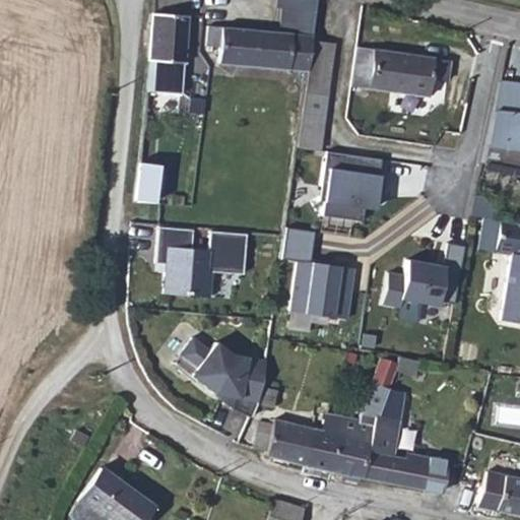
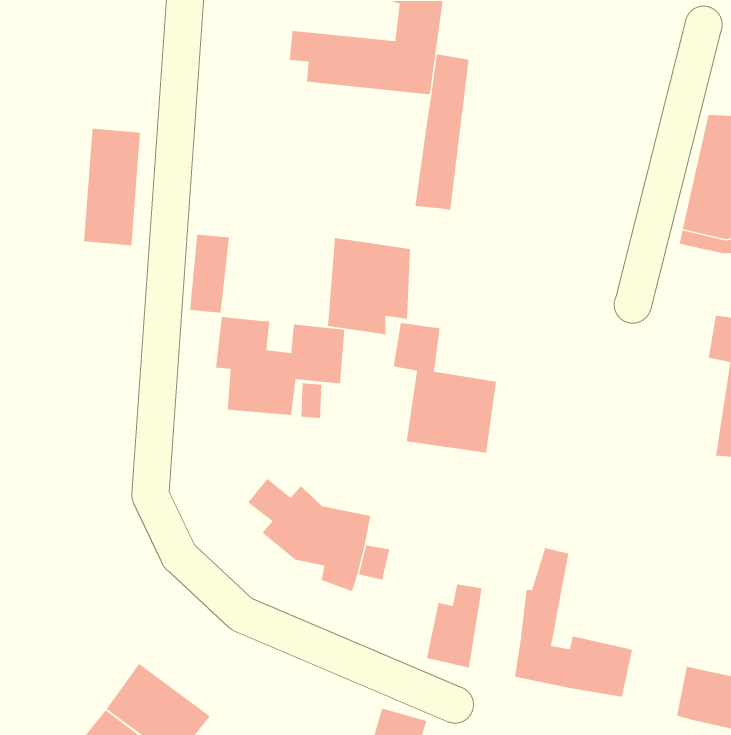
building: [149,11,190,94] -> [83,128,141,246]
building: [351,47,452,94] -> none
building: [325,155,384,224] -> [327,237,411,335]
building: [383,244,466,308] -> none
building: [335,358,396,478] -> none
building: [253,417,313,465] -> none

